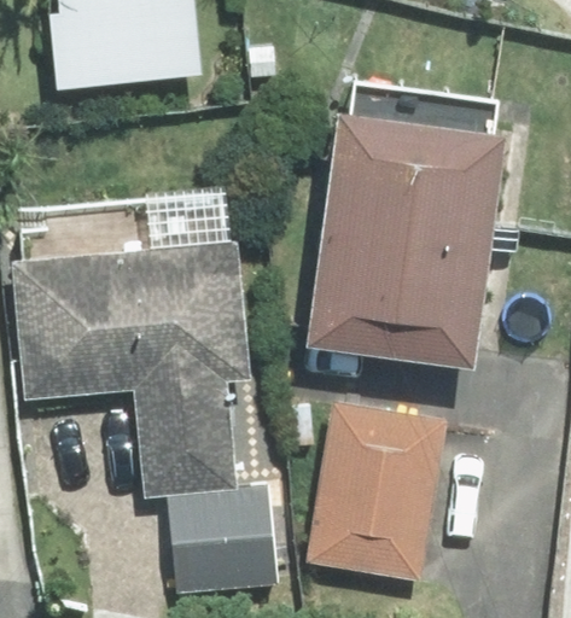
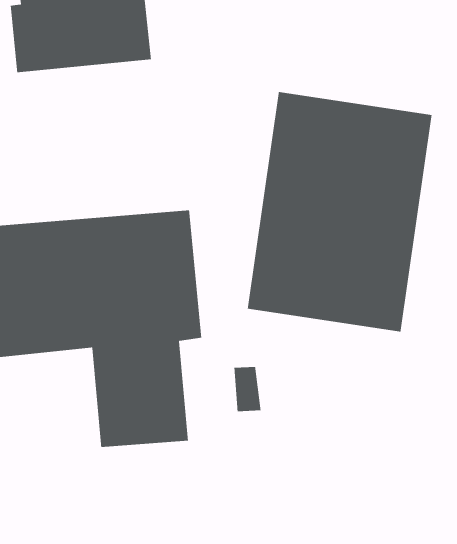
building: [309,400,447,577] -> none
building: [171,488,278,594] -> none

